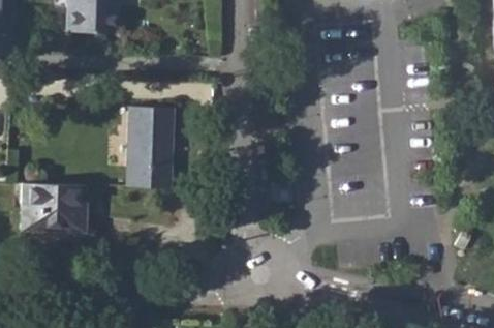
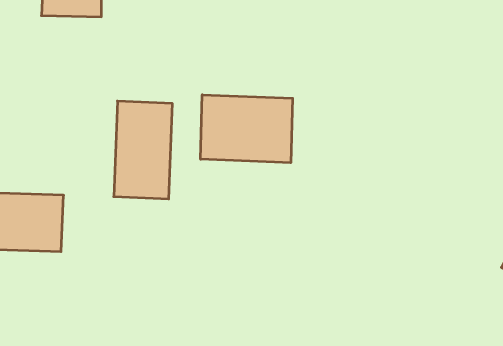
building: none -> [201,95,293,163]

